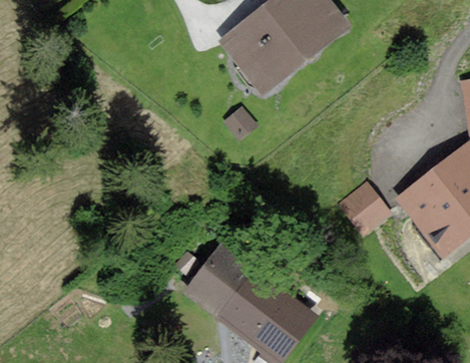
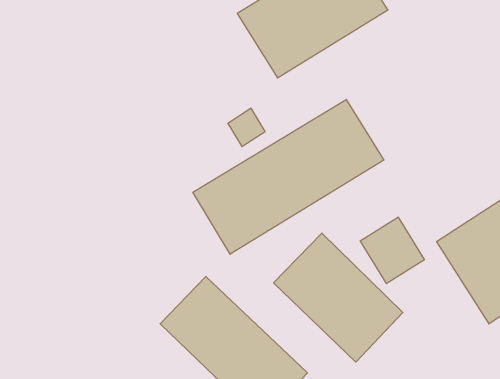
building: none -> [193,99,384,254]
building: none -> [274,233,403,362]

